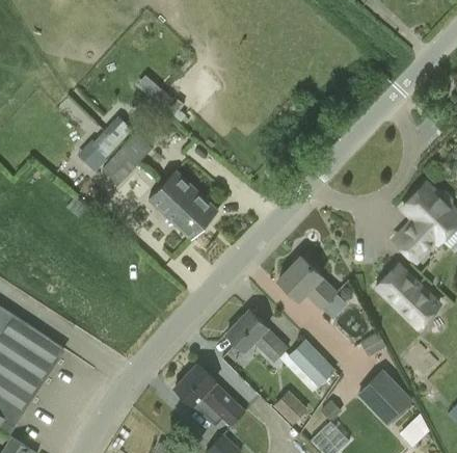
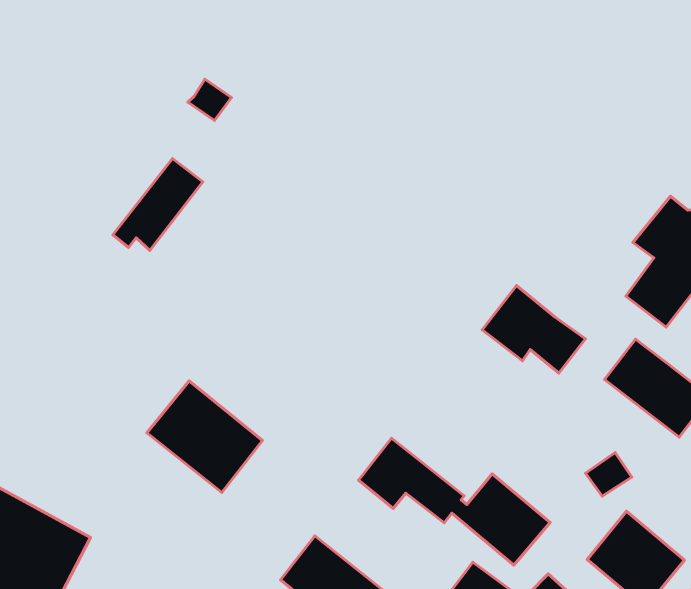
building: [89,115,132,159] -> none
building: [149,172,216,240] -> [147,381,262,492]
building: [277,257,338,311] -> [482,286,585,373]

